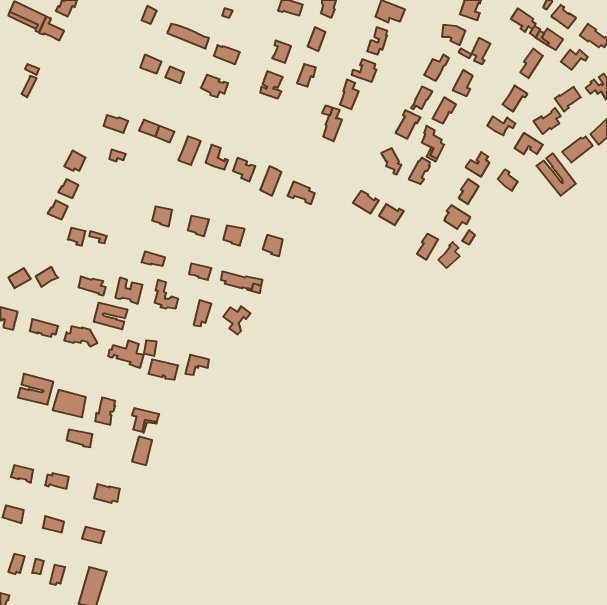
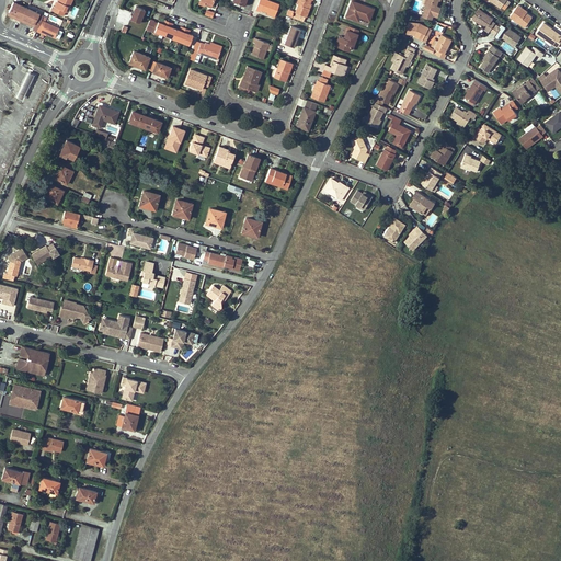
building: [536,153,576,196] -> none
building: [94,303,127,330] -> none
building: [53,390,86,417] -> [10,386,41,411]

